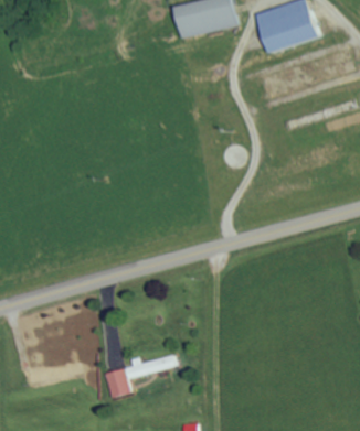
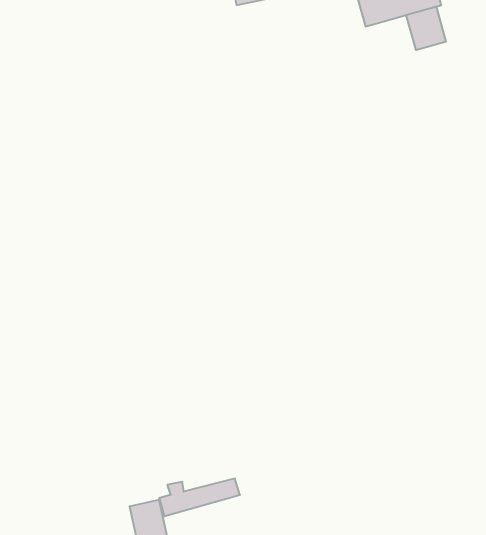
building: none -> [406,7,446,50]

